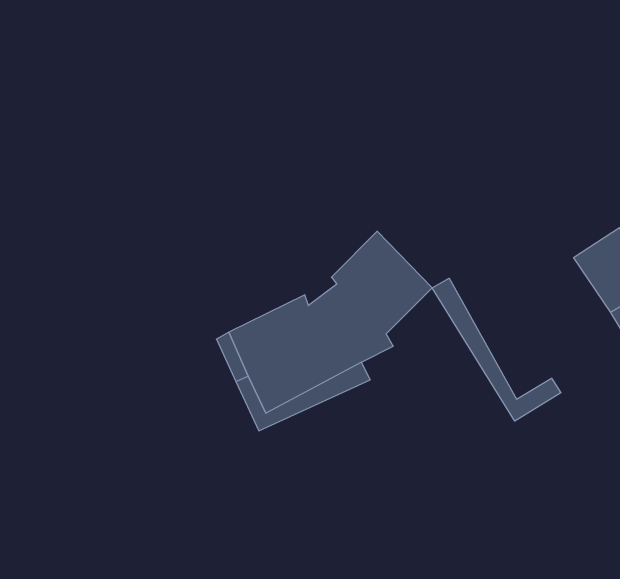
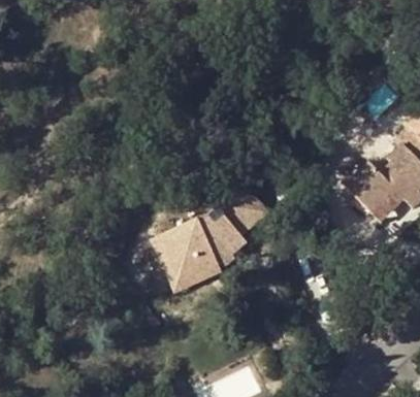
building: [432,278,561,421] -> none

